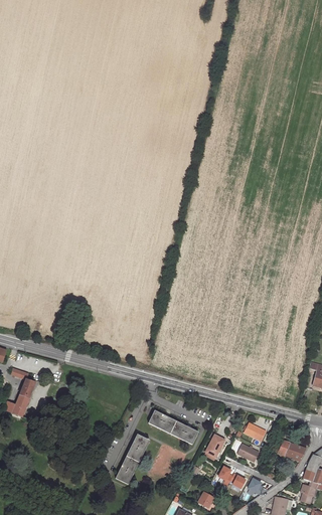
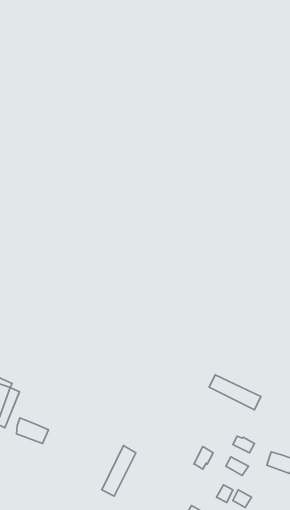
building: none -> [16,418,48,444]
building: [148,410,198,445] -> [209,375,261,410]

